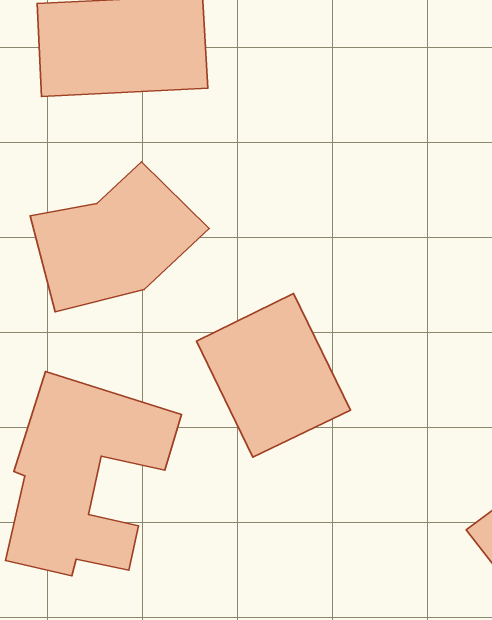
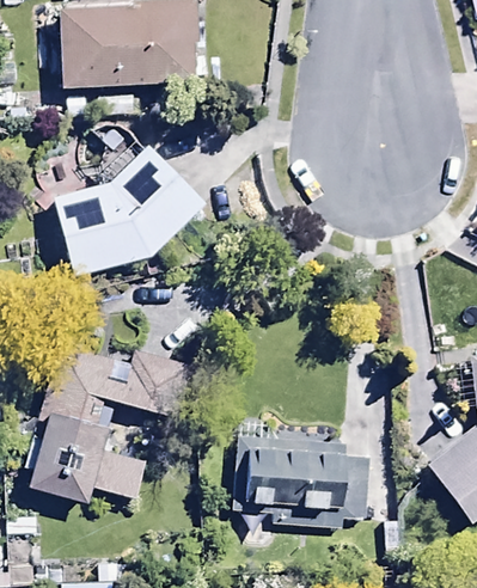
building: [196,293,350,457] -> none
building: none -> [233,423,366,528]

